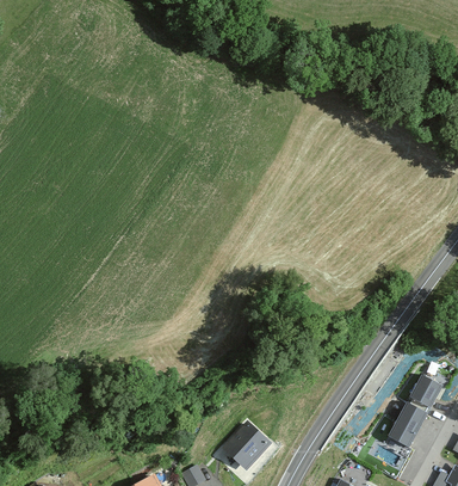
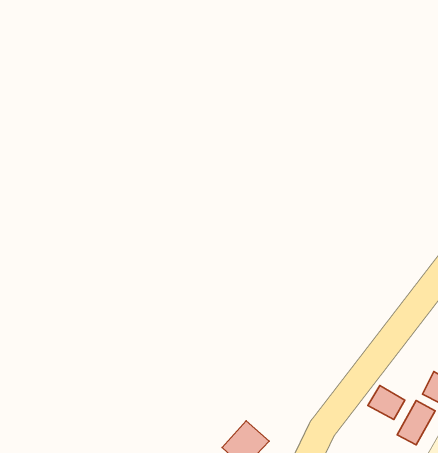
building: none -> [368,386,405,420]

